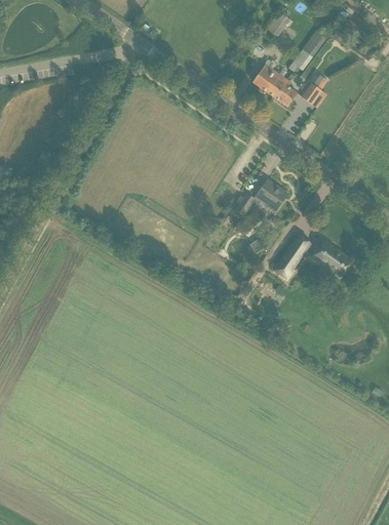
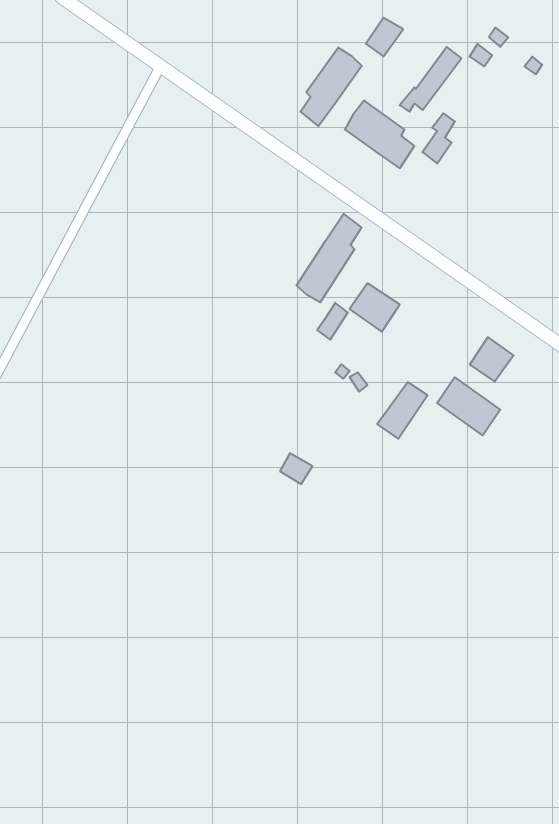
building: none -> [300,47,362,126]
building: none -> [297,214,361,302]
building: none -> [470,337,514,382]

